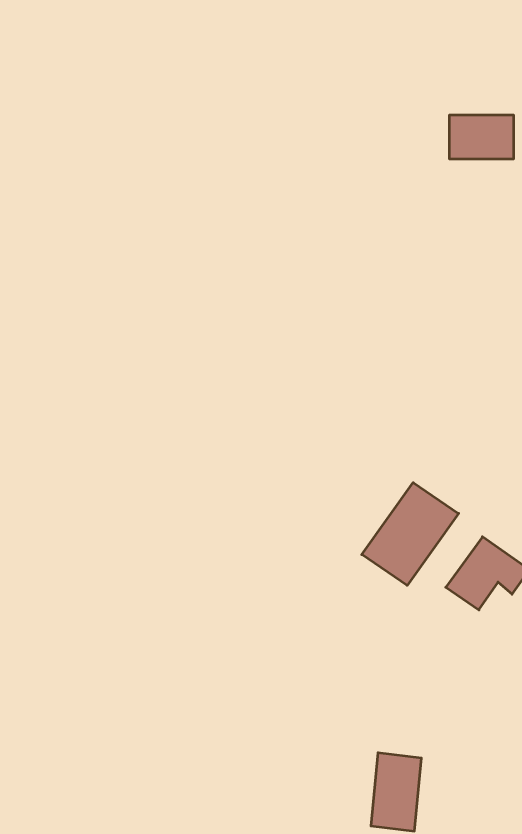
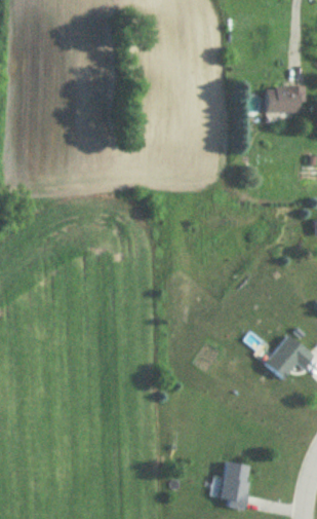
building: [362,483,459,585] -> none

